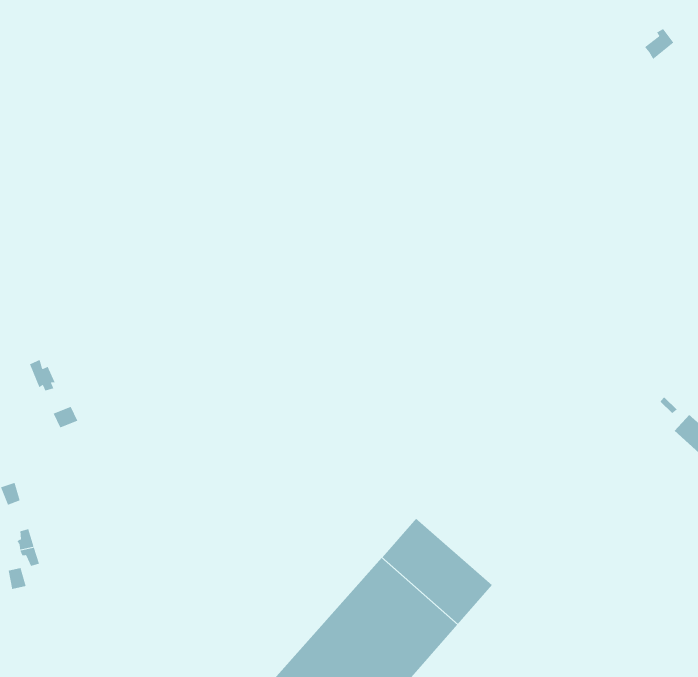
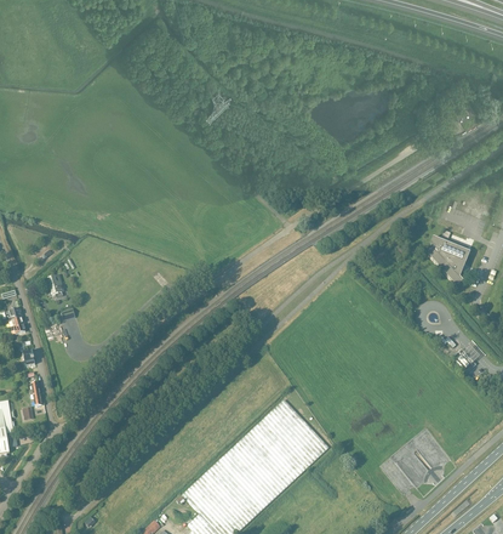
building: none -> [428,237,470,286]

